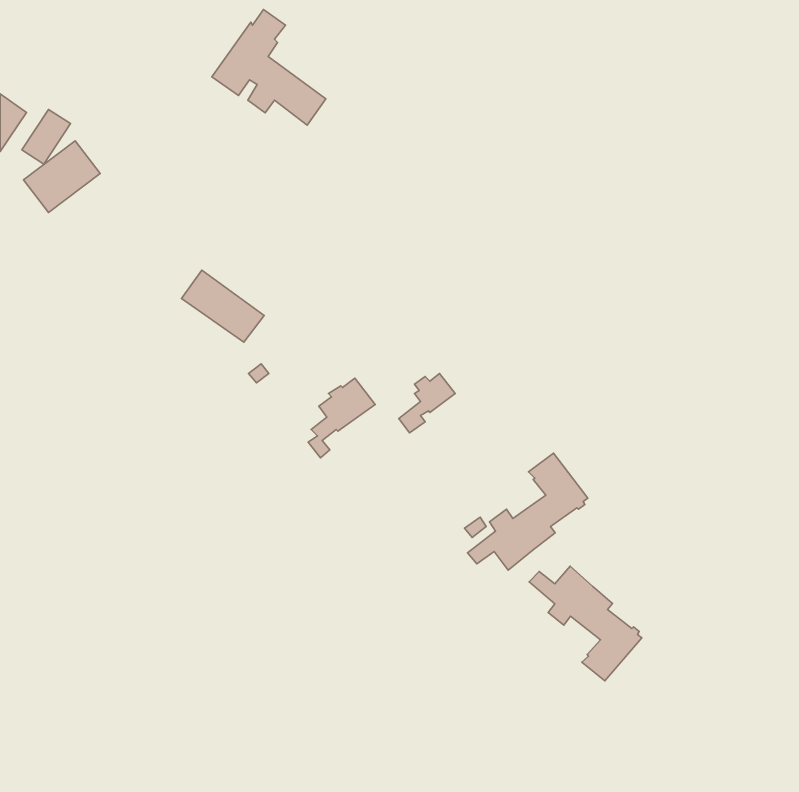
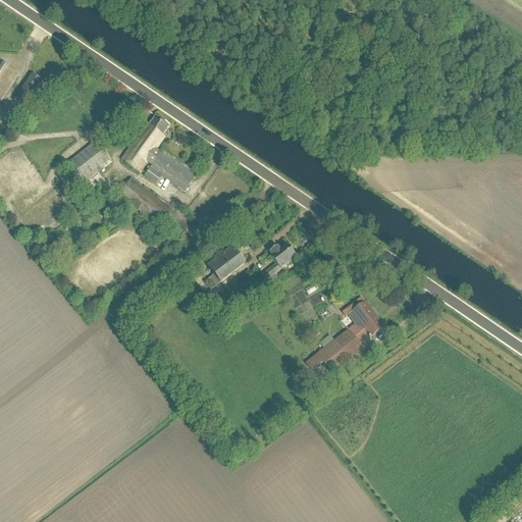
building: [212,10,326,125] -> [121,115,196,191]
building: [23,141,100,213] -> [62,139,112,186]
building: [529,566,642,681] -> none

